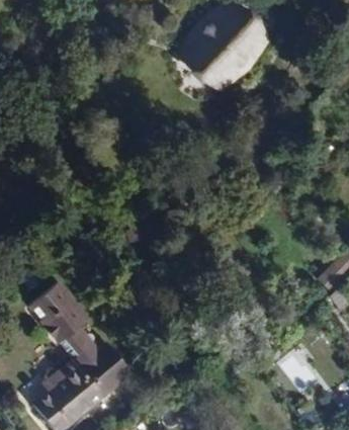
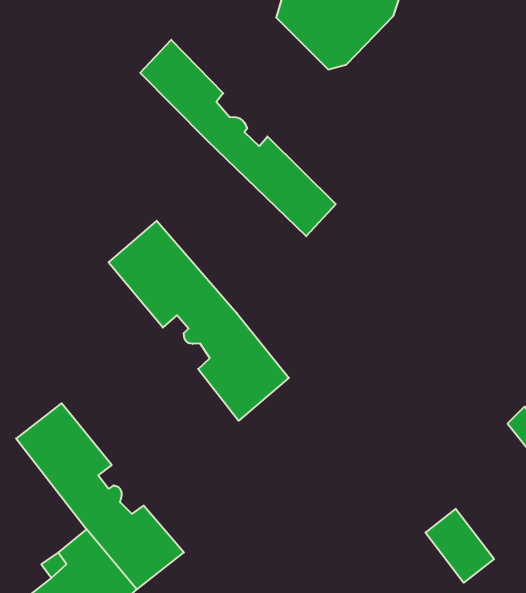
building: none -> [140,40,336,236]
building: none -> [109,221,289,421]

